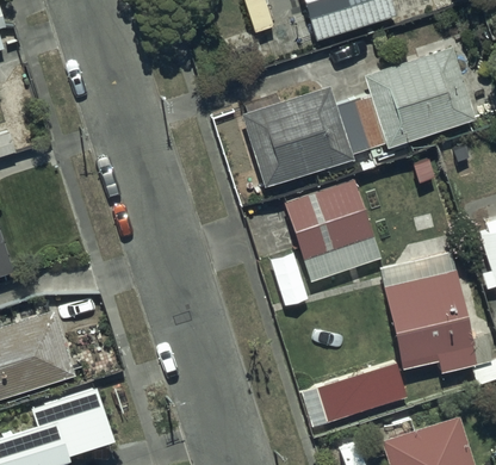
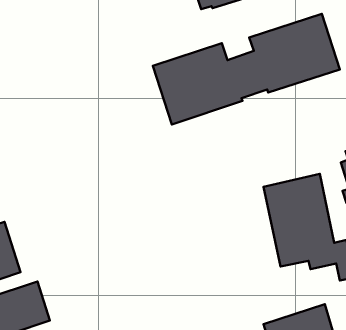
building: [285,181,380,281] -> none
building: [303,362,407,427] -> none

